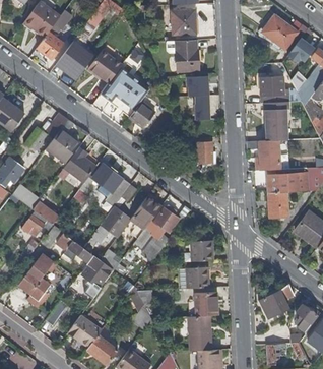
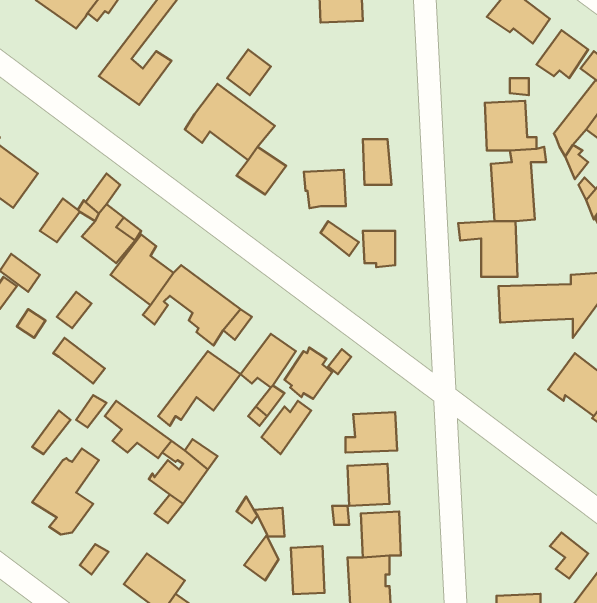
building: [37,29,64,57] -> none
building: [177,38,200,69] -> none
building: [85,45,122,81] -> none
building: [187,75,209,96] -> [304,170,346,208]
building: [269,191,288,217] -> none
building: [20,210,54,234] -> none
building: [260,284,294,319] -> none
building: none -> [291,546,324,594]

